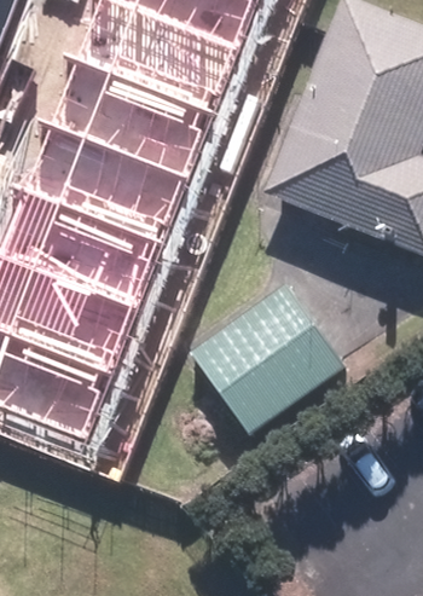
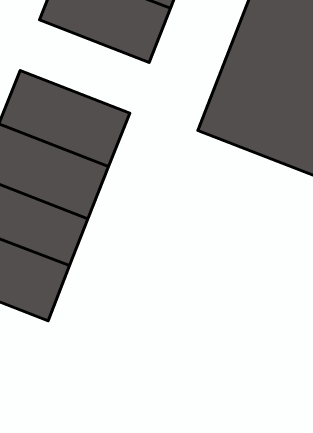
building: [44,57,204,173] -> none
building: [192,287,346,433] -> none

